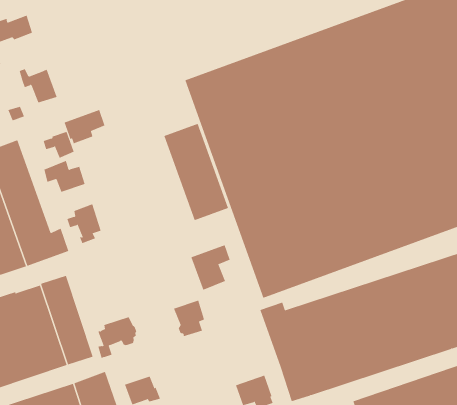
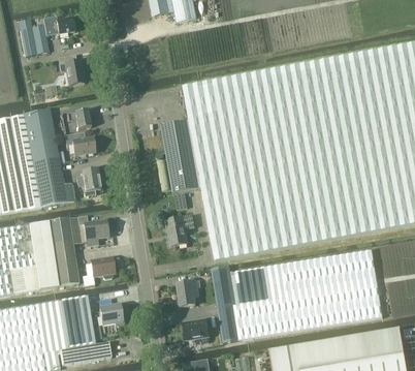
building: [64,109,105,144] -> none
building: none -> [69,215,108,246]
building: [173,300,205,337] -> [177,280,199,306]

